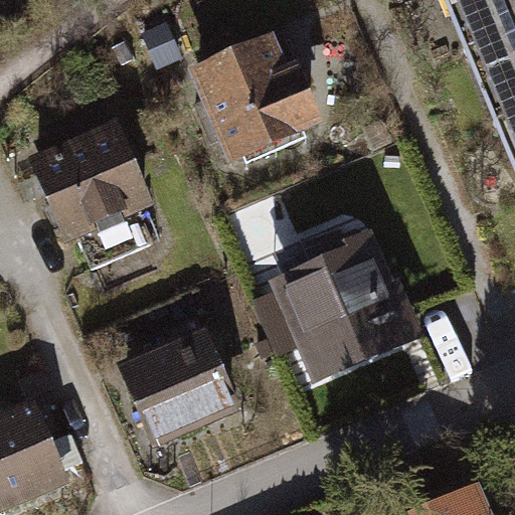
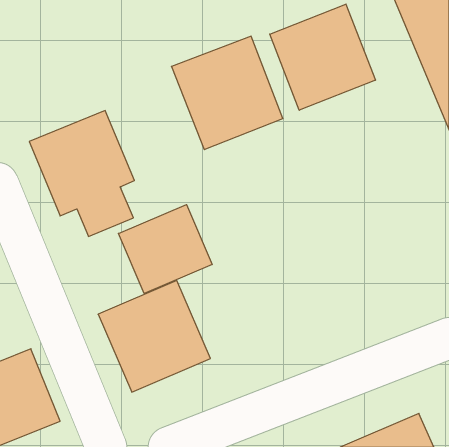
building: none -> [270,4,375,110]
building: [268,224,423,380] -> none
building: none -> [118,205,212,293]

